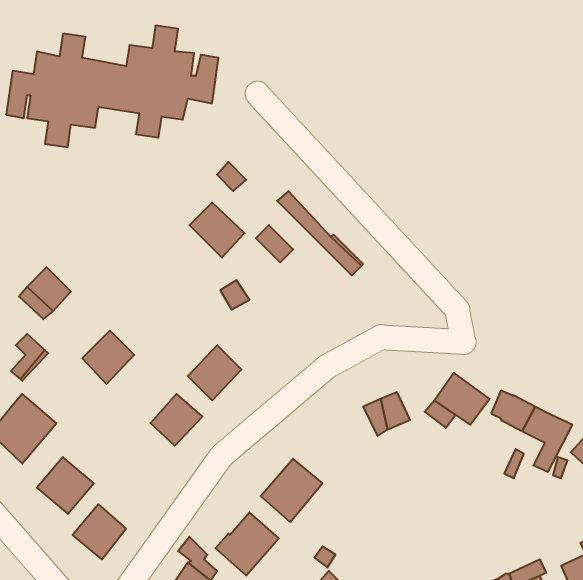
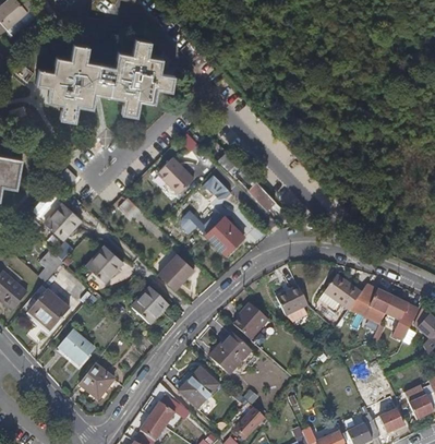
building: none -> [203,216,243,255]
building: none -> [233,304,268,340]

